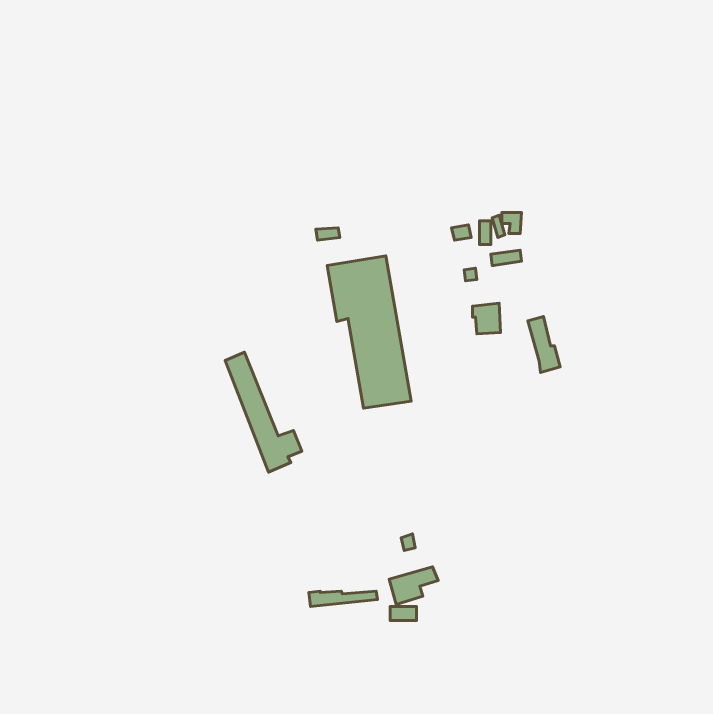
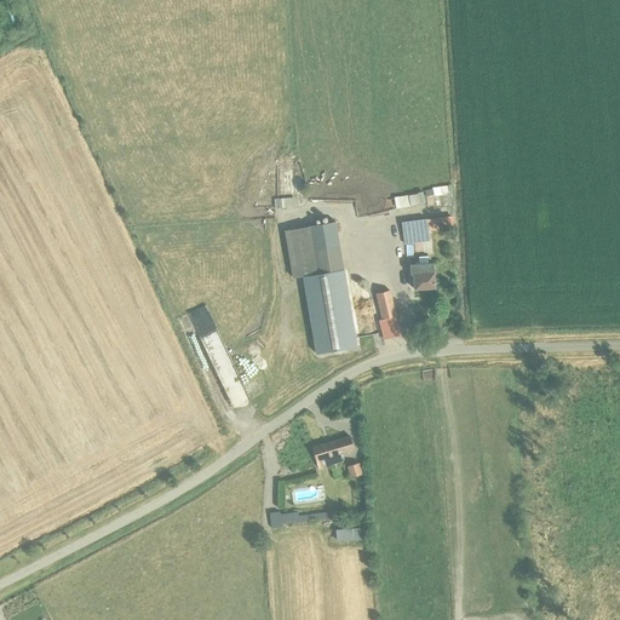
building: [528,316,560,372] -> [375,291,403,339]
building: [389,567,438,604] -> [311,437,354,470]

